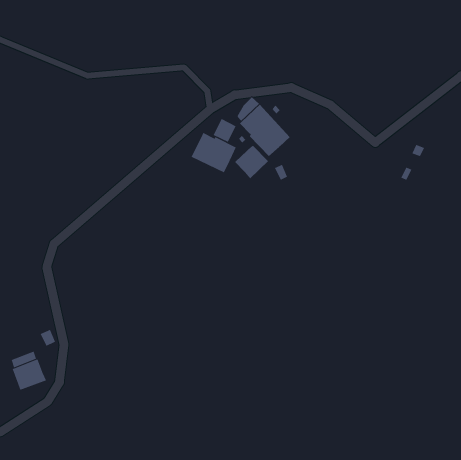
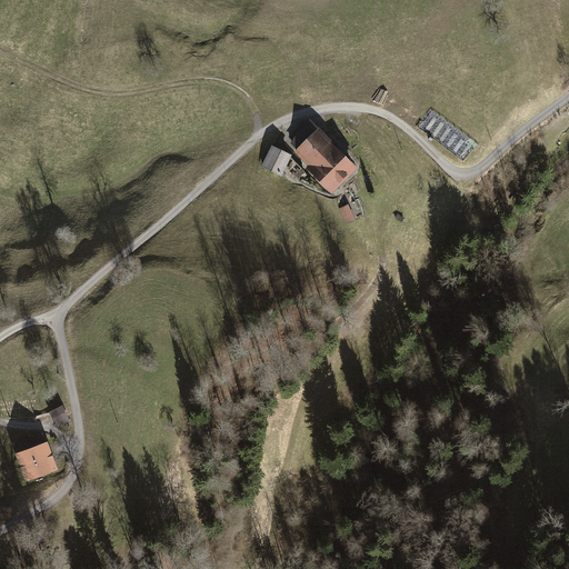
building: [191,132,236,173] -> none
building: [234,145,269,179] -> none

